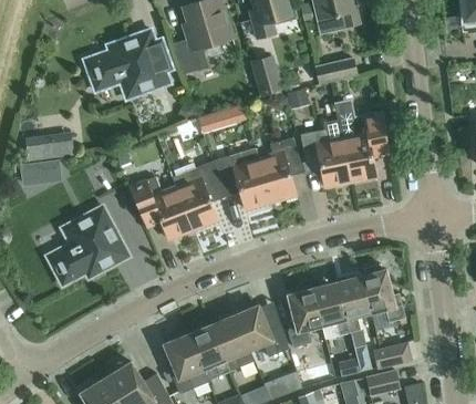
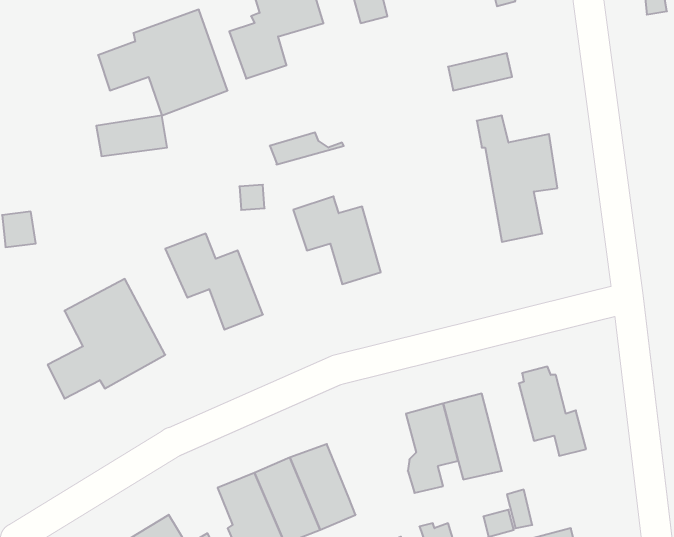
building: [251,56,280,94] -> none
building: [300,121,350,187] -> none
building: [27,135,73,162] -> [96,116,167,156]
building: [258,137,301,203] -> none
building: [172,162,221,230] -> none
building: [337,276,371,333] -> none
building: [235,305,289,358] -> none
building: [373,343,412,369] -> none

